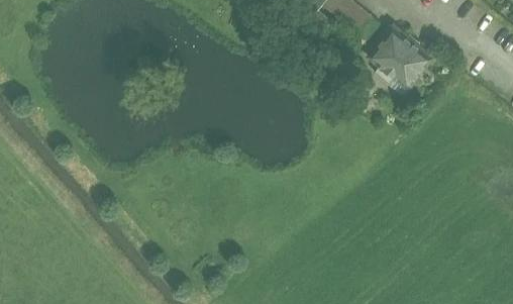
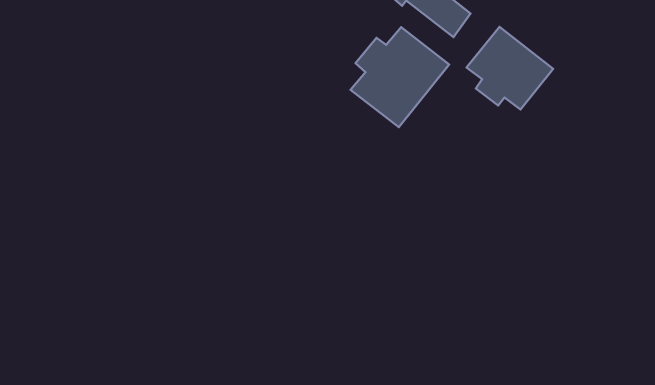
building: none -> [351,27,449,127]

